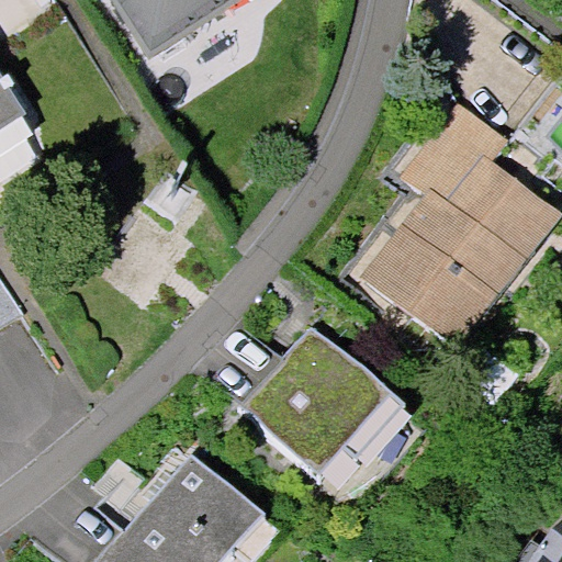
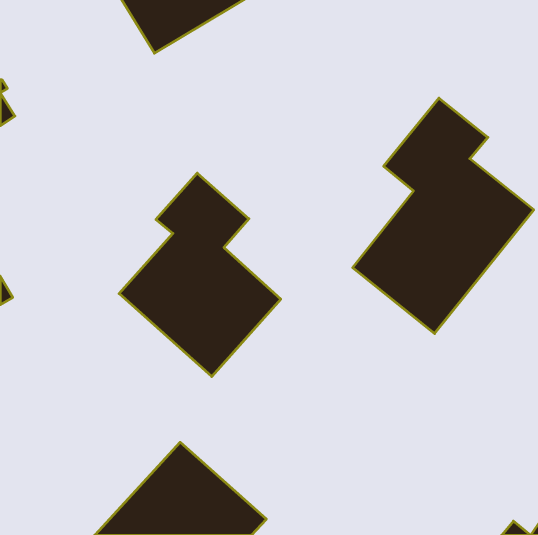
building: none -> [119,173,281,377]
building: [240,327,406,480] -> none

